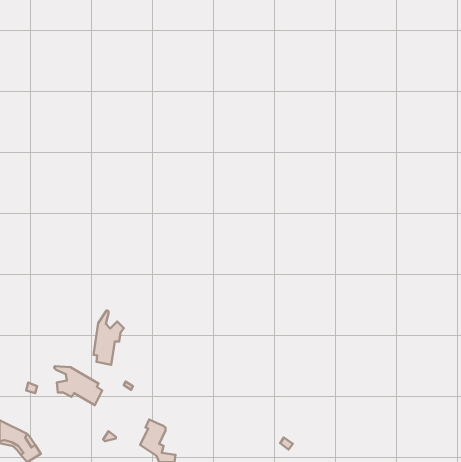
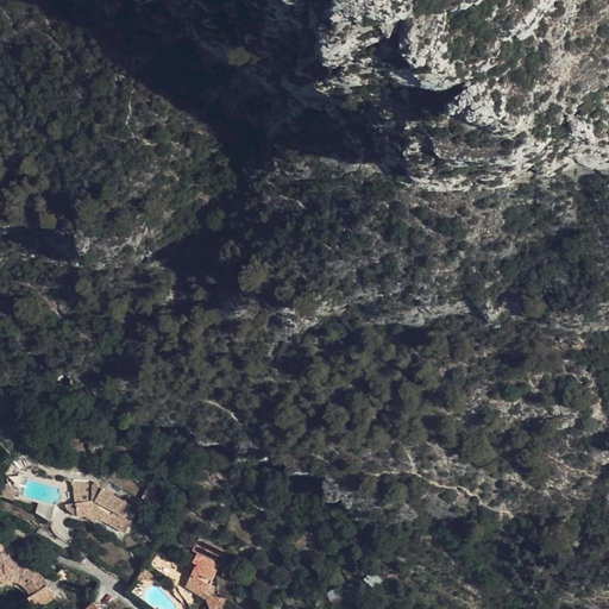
building: [94,311,124,365] -> none

